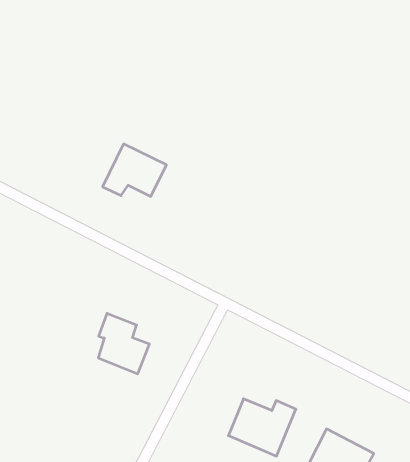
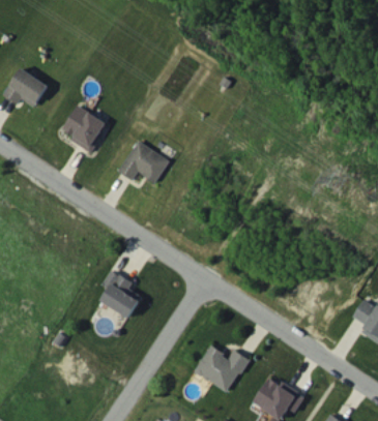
building: none -> [62,104,108,152]

